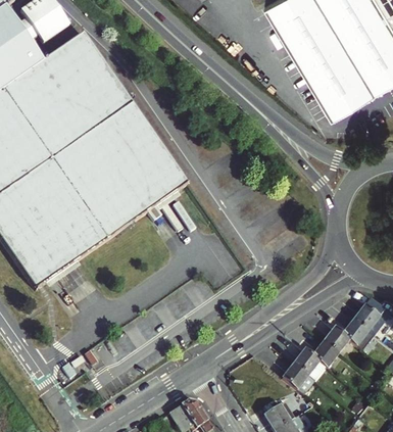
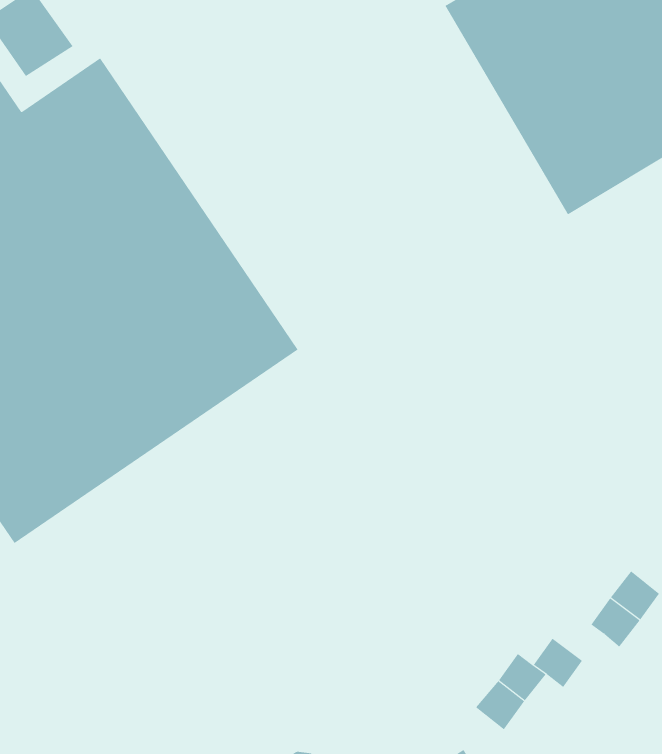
building: [323,325,350,351] -> none

